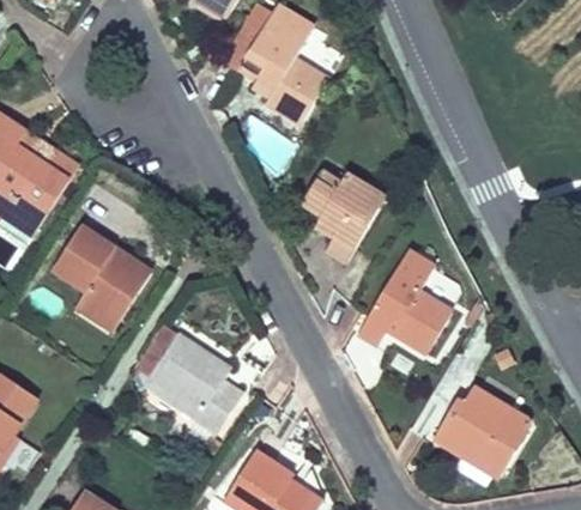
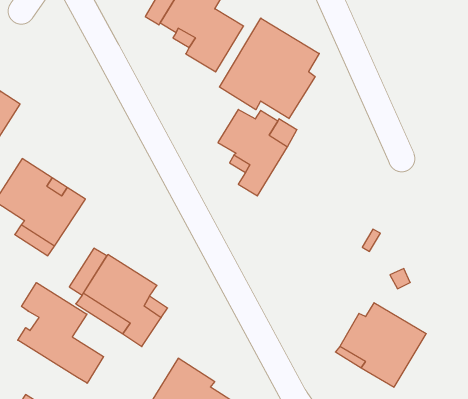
building: none -> [219,18,319,119]
building: [356,247,453,356] -> none
building: none -> [18,283,104,383]

